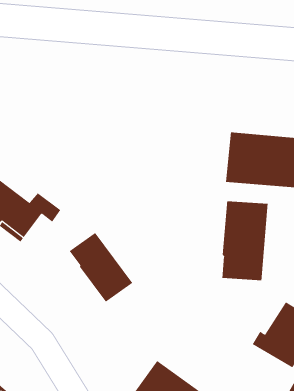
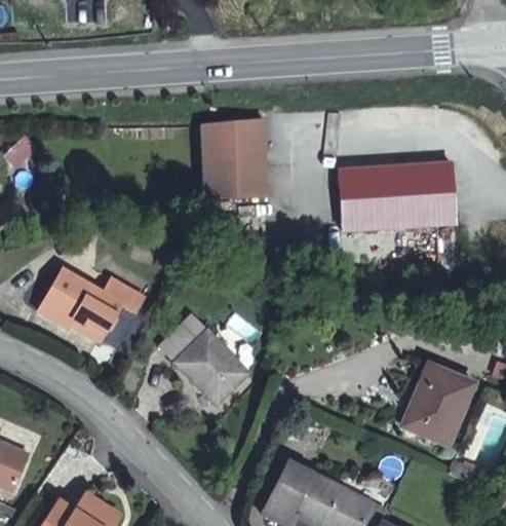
building: none -> [201,116,264,193]
building: [222,201,268,281] -> none

